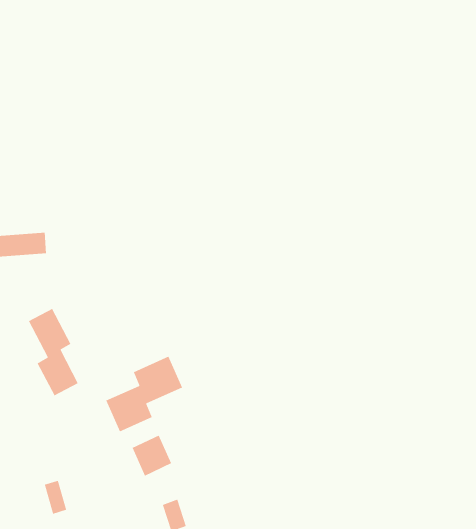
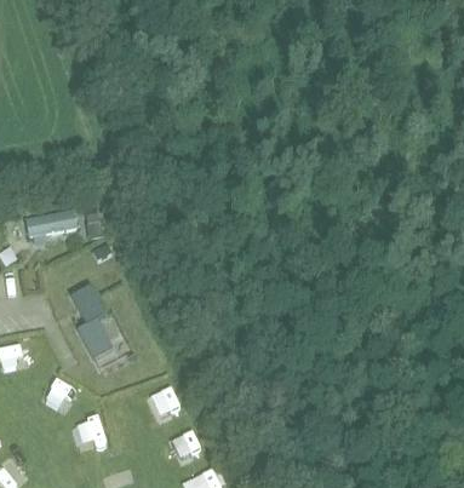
building: [105,356,183,432] -> none

